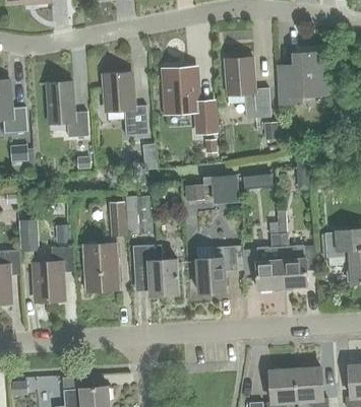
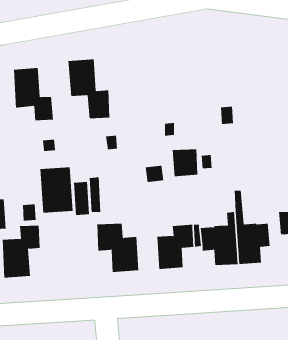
building: [280,52,325,104] -> none
building: [224,57,270,118] -> none
building: [164,67,215,133] -> none
building: [83,243,119,291] -> [40,167,73,213]

